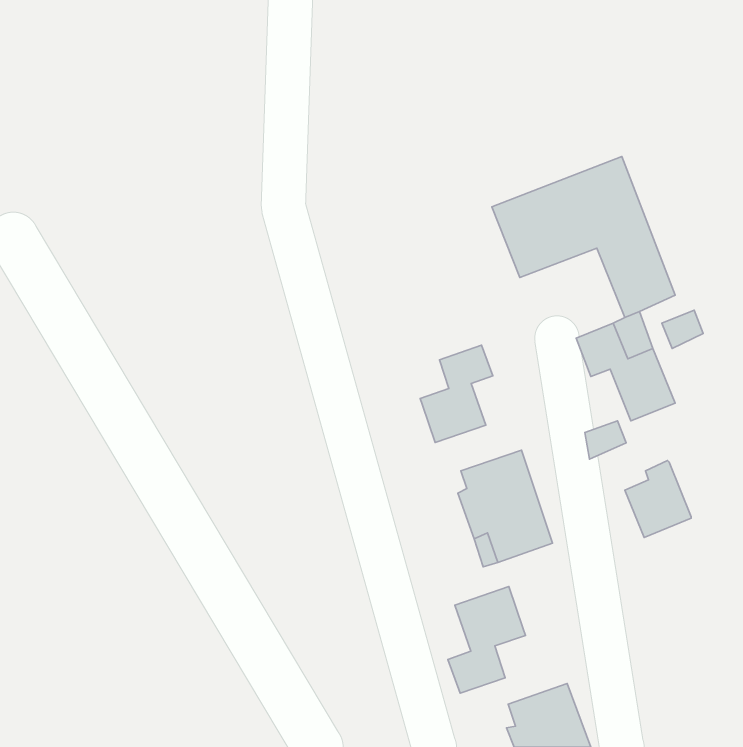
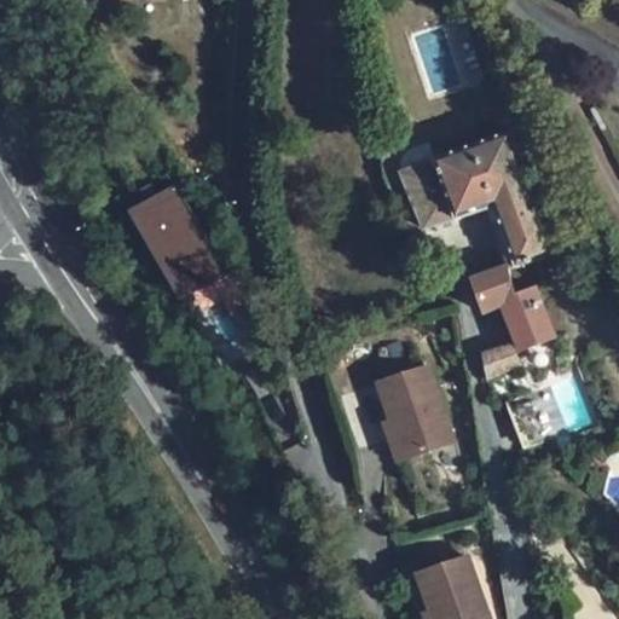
building: none -> [120,175,218,302]
building: [420,345,493,443] -> none
building: [448,586,526,693] -> none

